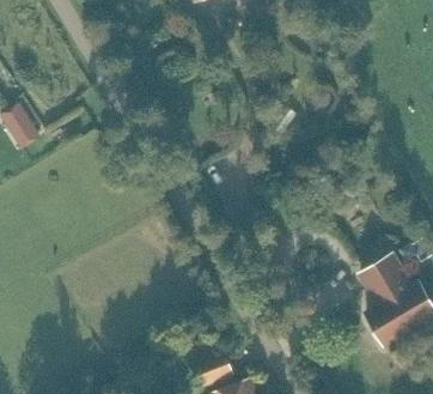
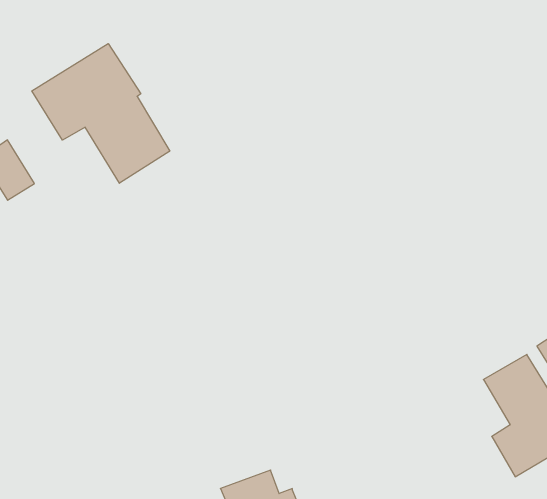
building: none -> [32,44,170,183]

